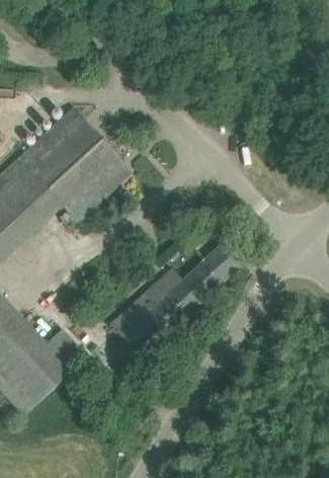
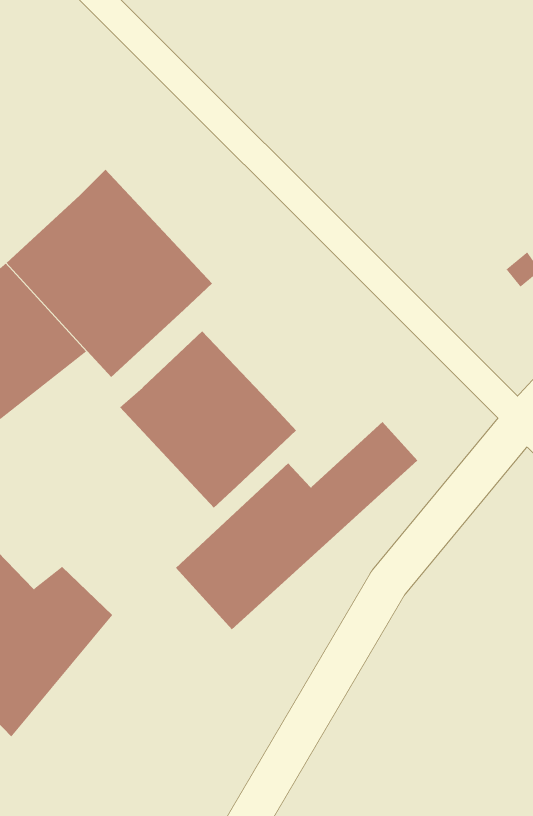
building: none -> [119,331,297,509]

